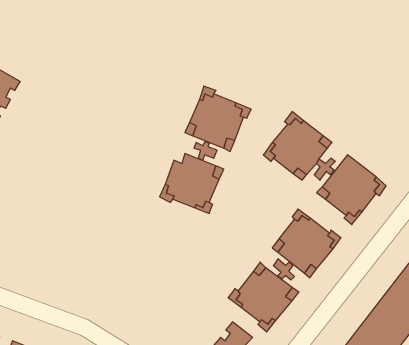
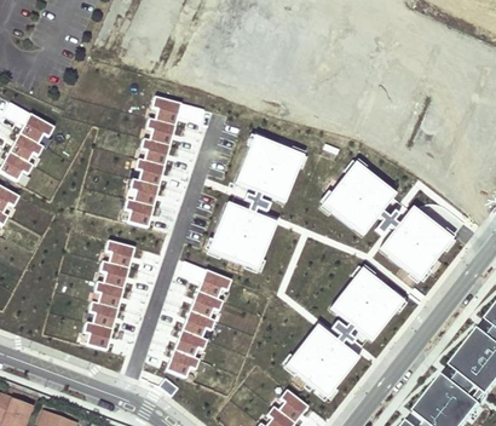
building: none -> [125,97,203,228]
building: none -> [83,241,134,350]
building: none -> [167,261,232,378]

